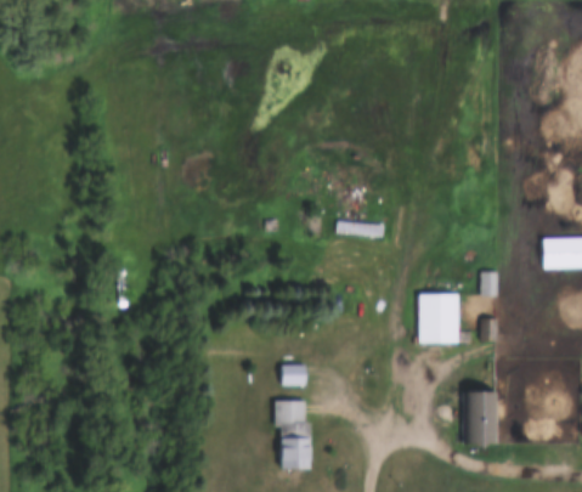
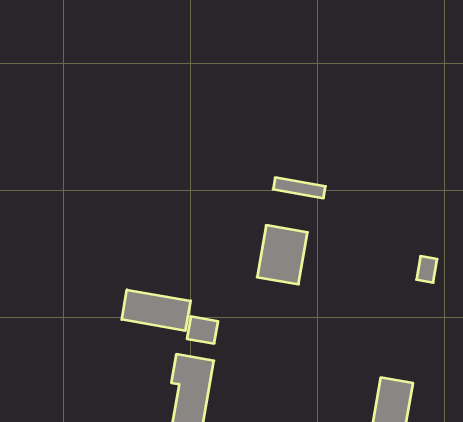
building: [419,294,458,343] -> [257,225,308,284]
building: none -> [122,290,191,331]

